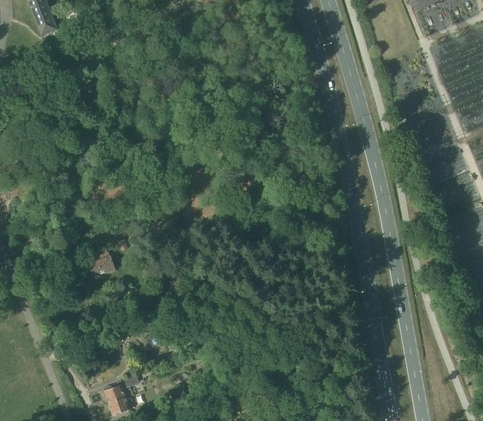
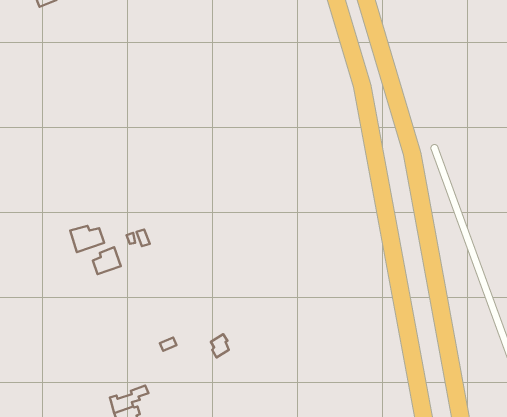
building: none -> [70,226,104,252]

